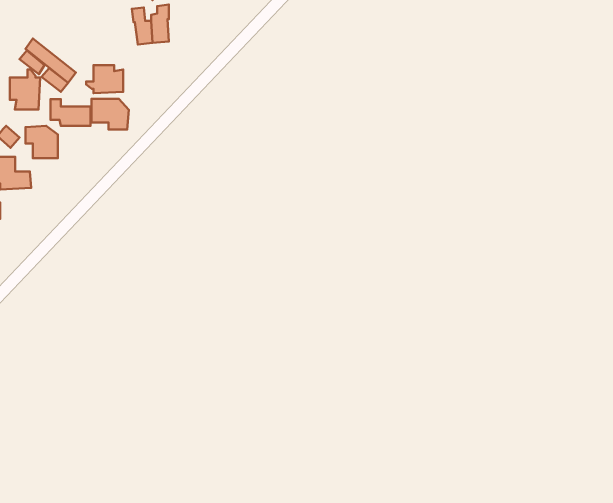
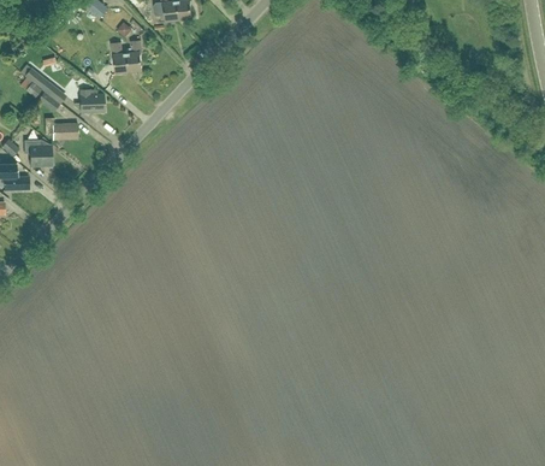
building: [10,69,40,110] -> none
building: [92,99,129,129] -> none

